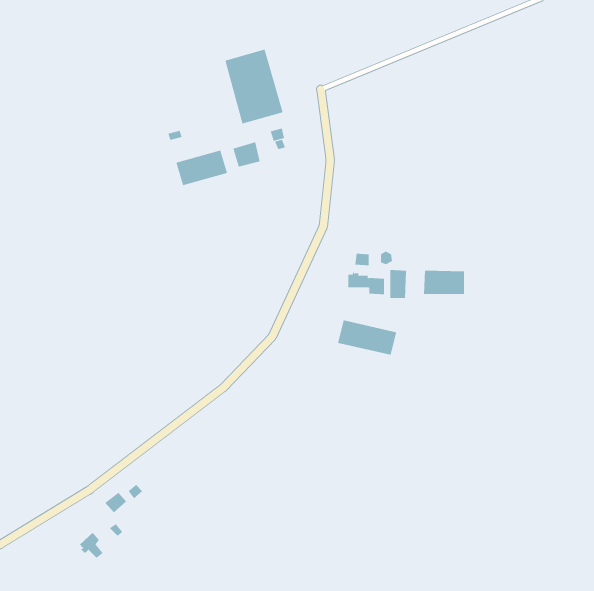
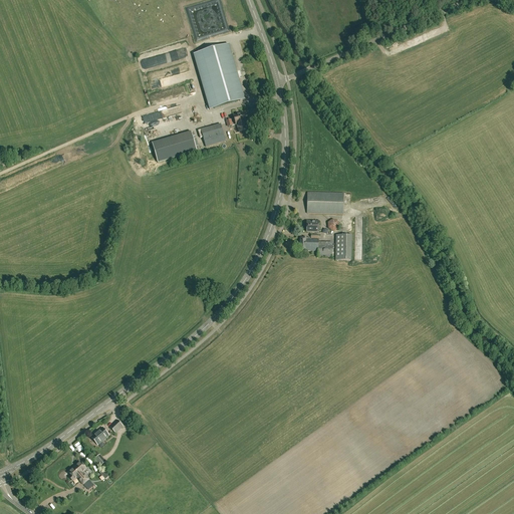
building: [423,270,465,295] -> [307,191,343,212]
building: [337,319,397,356] -> none

